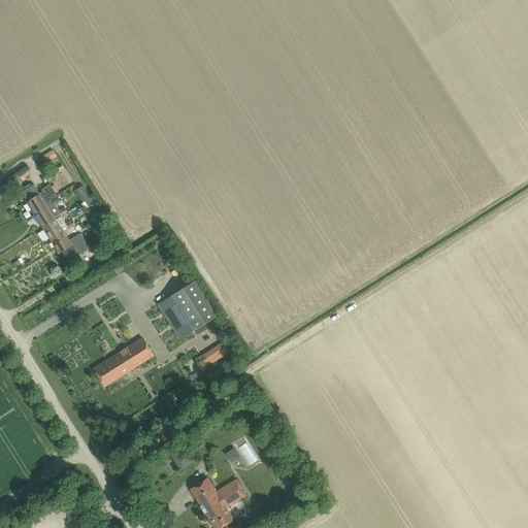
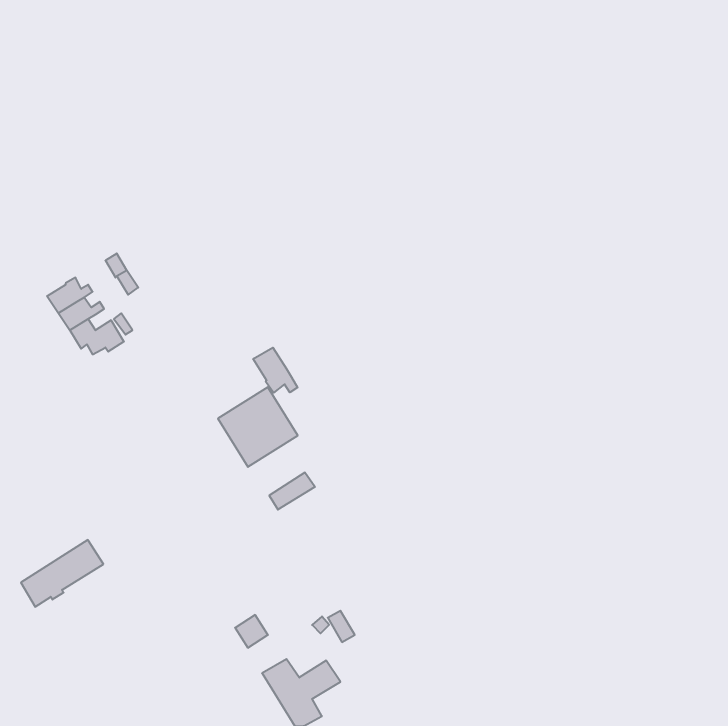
building: [21,183,60,214] -> none
building: none -> [253,348,298,393]
building: [94,337,154,386] -> [21,540,103,607]

